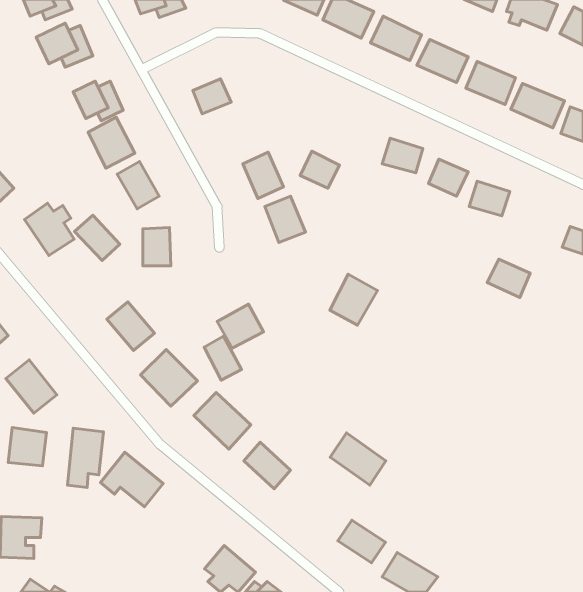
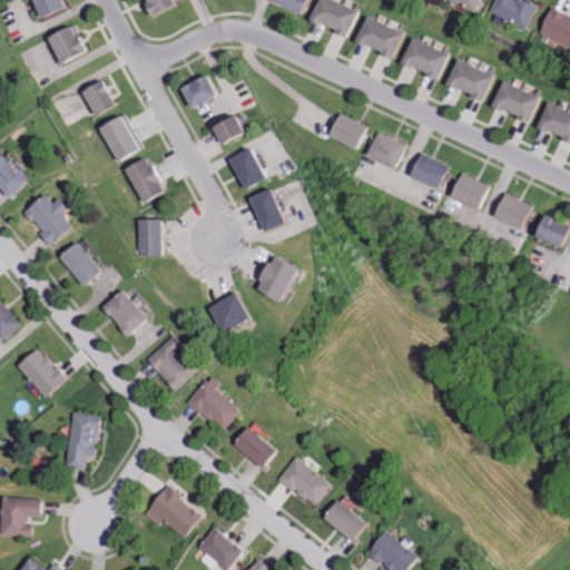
building: none -> [217,114,250,145]
building: [300,151,340,188] -> [330,112,367,148]
building: [74,215,120,260] -> [59,243,102,286]
building: [487,259,530,298] -> [491,193,532,229]
building: [330,274,377,325] -> [261,254,306,303]
building: [204,336,242,380] -> none
building: [8,428,46,466] -> none
building: [330,433,386,485] -> [276,455,330,505]
building: [100,452,163,507] -> [141,484,202,537]

